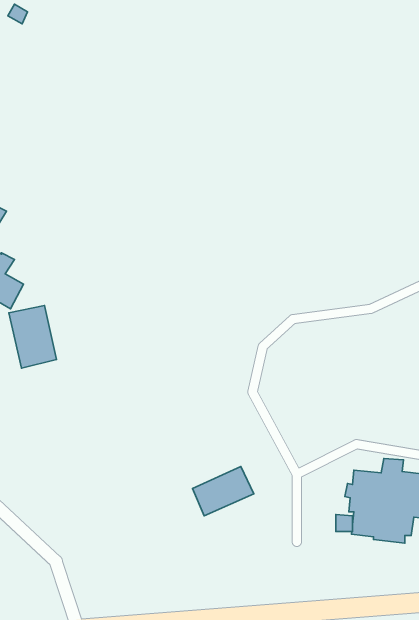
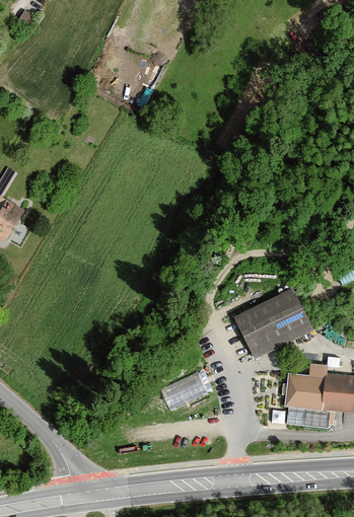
building: [9,305,56,368] -> none
building: none -> [235,289,310,356]

